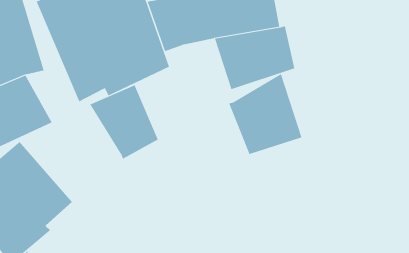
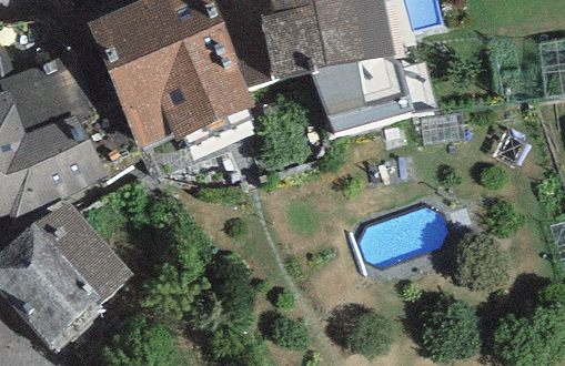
building: [229,73,302,155] -> none
building: [89,84,159,159] -> none

